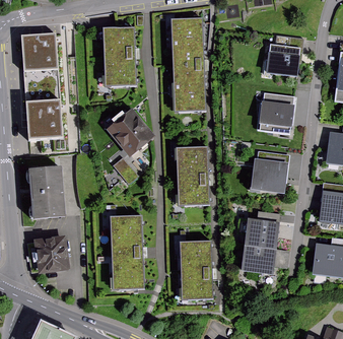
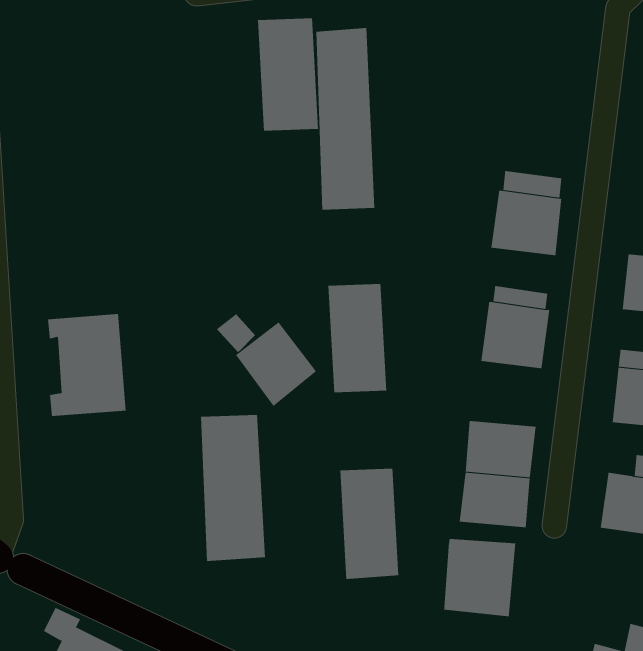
building: [99,27,131,85] -> [257,18,319,131]
building: [18,32,63,147] -> none
building: [266,36,300,77] -> none
building: [105,109,146,152] -> [235,321,317,407]
building: [22,234,69,274] -> none
building: none -> [443,538,516,617]

